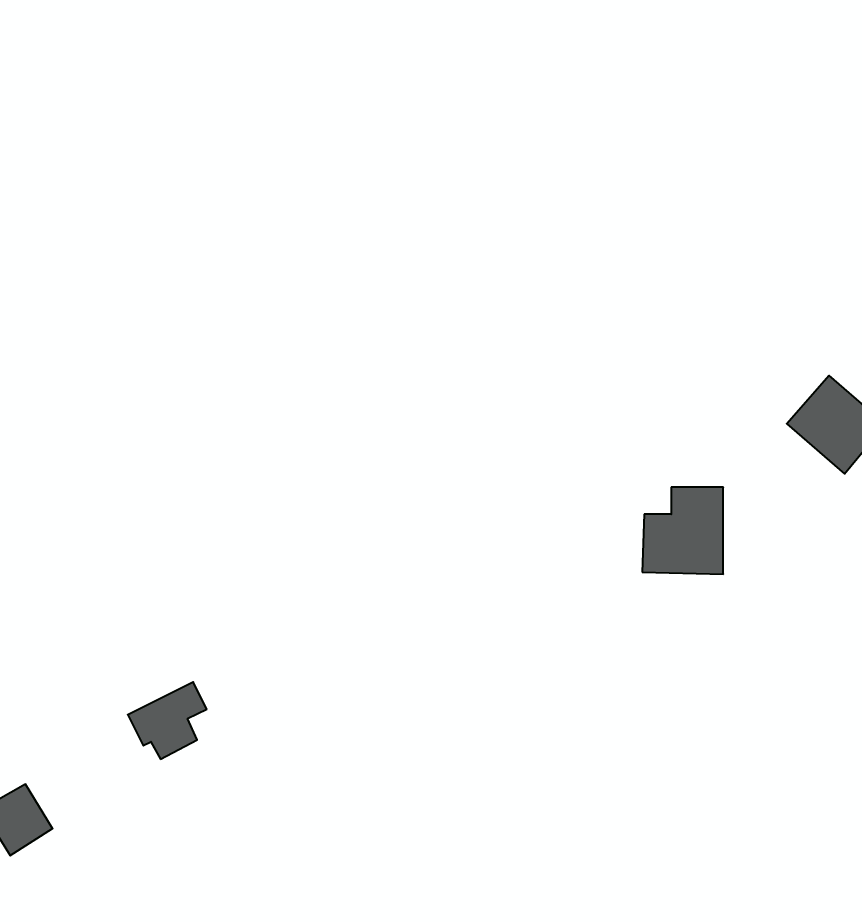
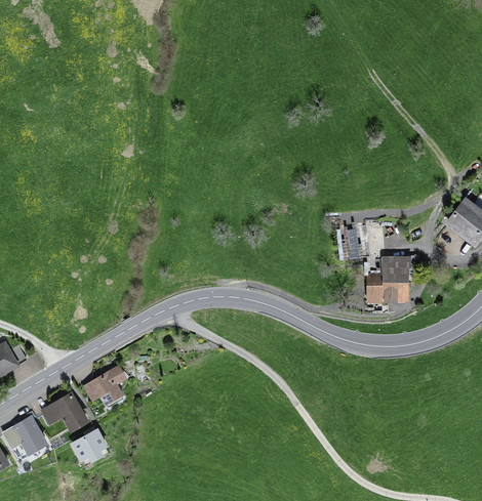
building: none -> [45,393,89,428]
building: none -> [77,430,107,459]

